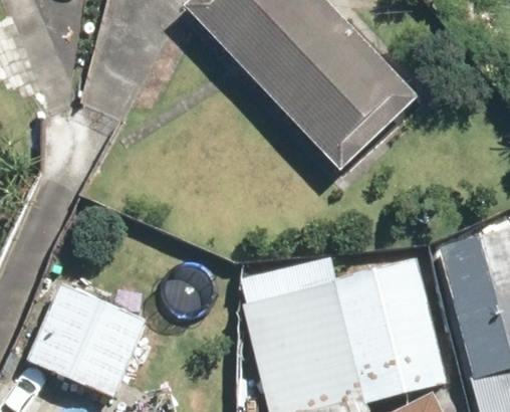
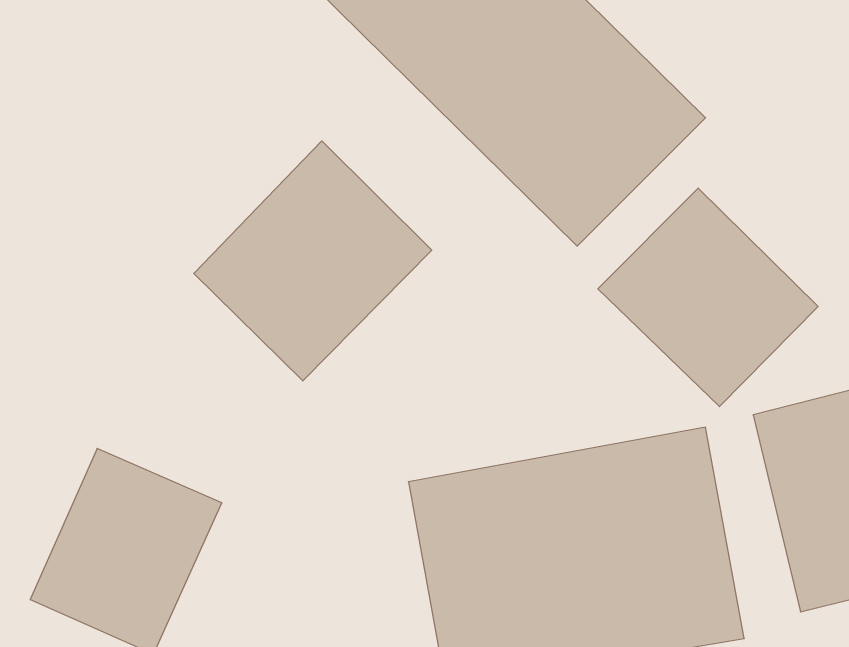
building: none -> [194,141,432,381]
building: none -> [598,188,818,407]

